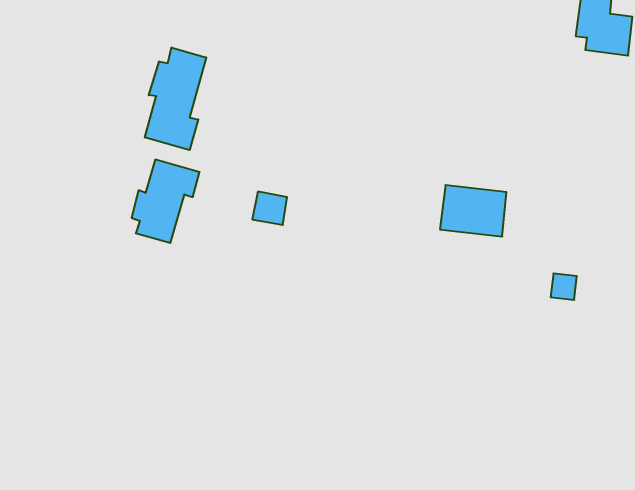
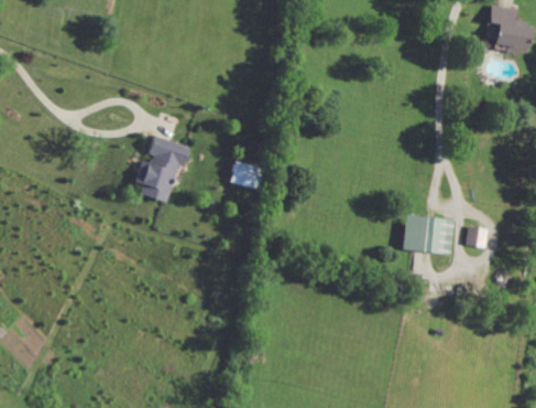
building: [145,47,206,150] -> none
building: [440,185,506,236] -> [403,214,456,255]

